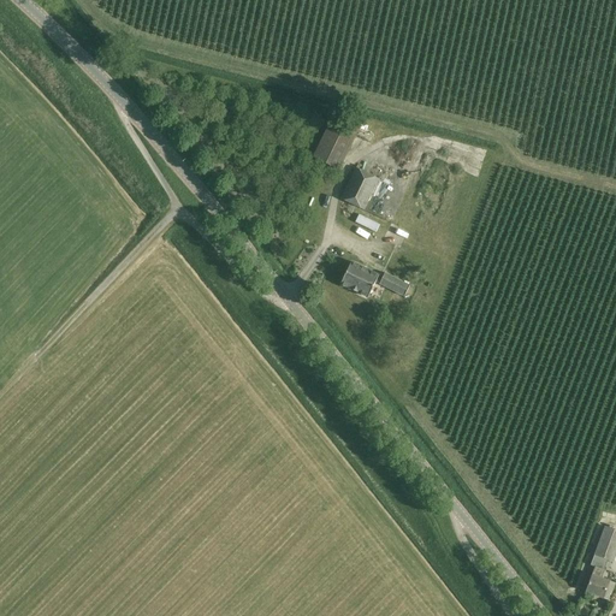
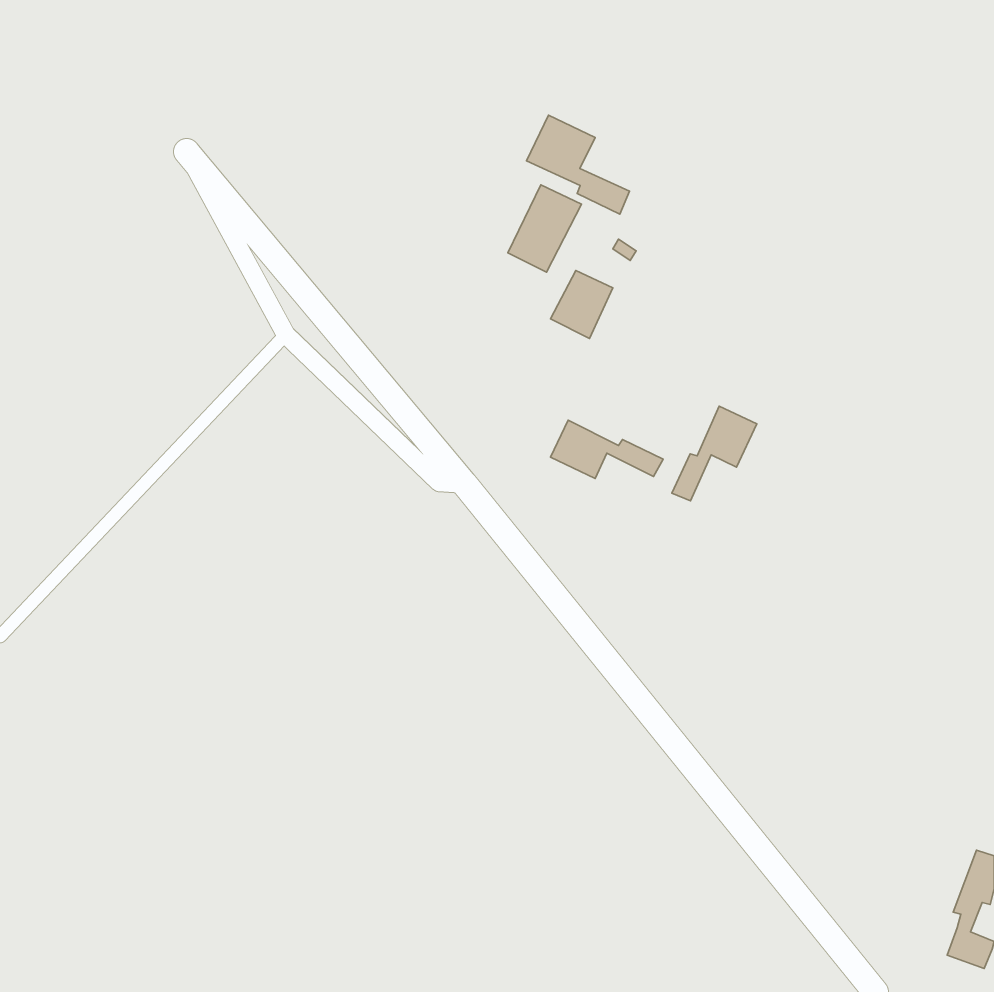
building: none -> [526,115,629,214]
building: none -> [672,406,757,501]

